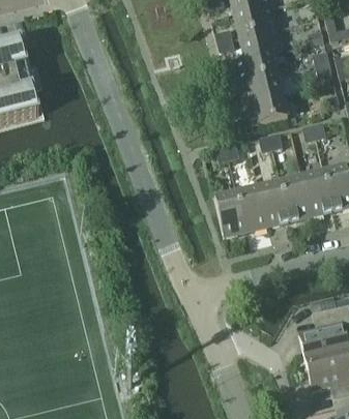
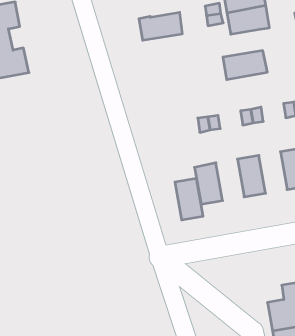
building: [232,52,278,83] -> [139,12,182,40]
building: [242,95,289,126] -> none
building: [281,176,312,219] -> none
building: [237,186,268,230] -> [175,178,203,220]

